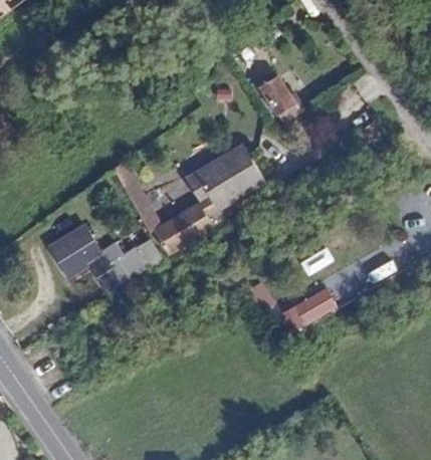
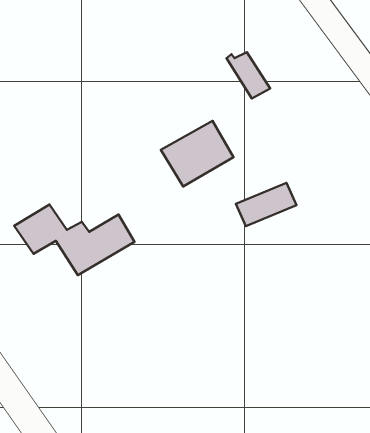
building: [153,202,210,253] -> none
building: [279,291,340,334] -> [236,183,297,226]

